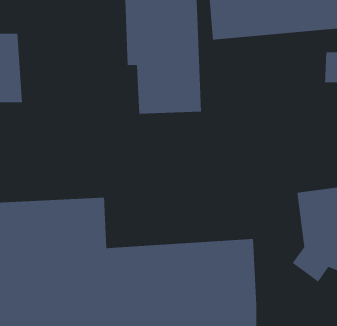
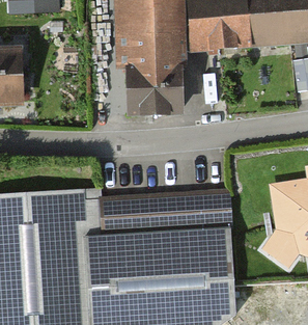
building: none -> [104,192,226,228]

